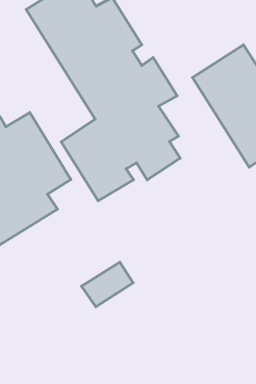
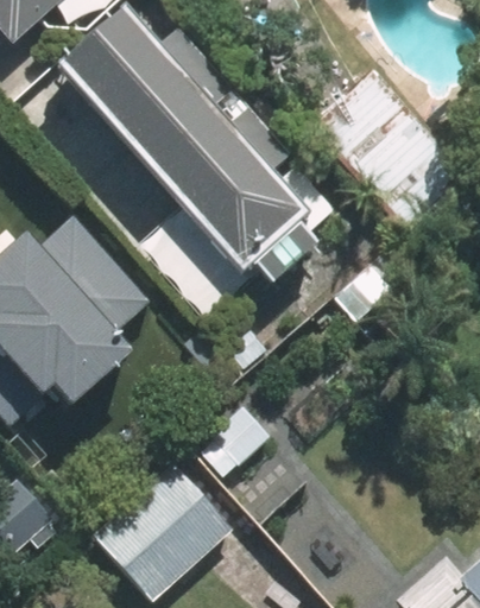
building: none -> [99,462,230,594]

